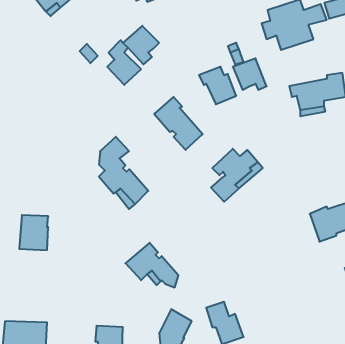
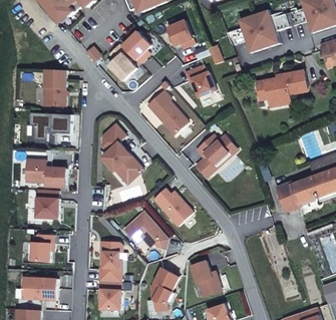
building: [233,58,267,90] -> [165,20,194,46]
building: none -> [42,69,65,106]
building: none -> [28,112,70,140]
building: none -> [24,159,65,187]
building: none -> [151,188,192,226]
building: none -> [29,234,53,261]
building: none -> [97,241,121,282]

